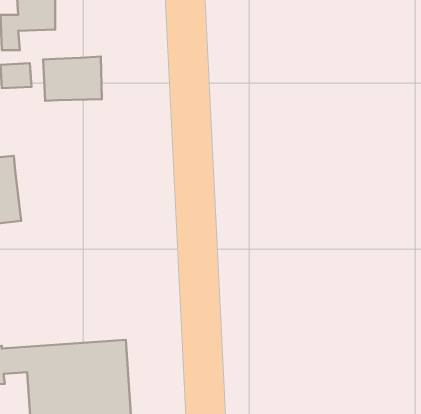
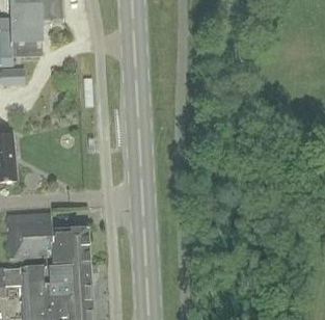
building: [43,56,102,101] -> none
building: none -> [7,210,90,265]

